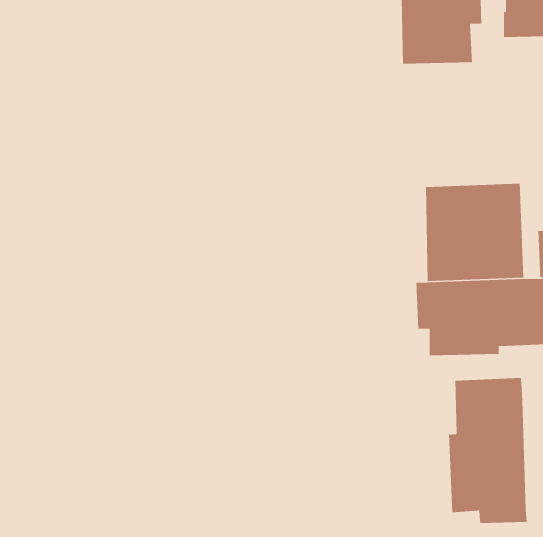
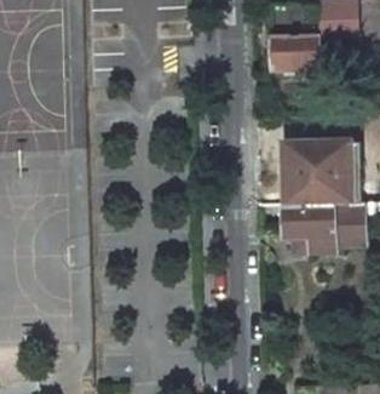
building: [448,377,527,524] -> none

